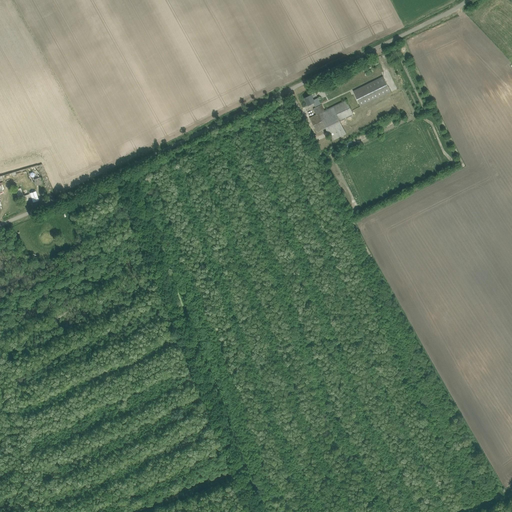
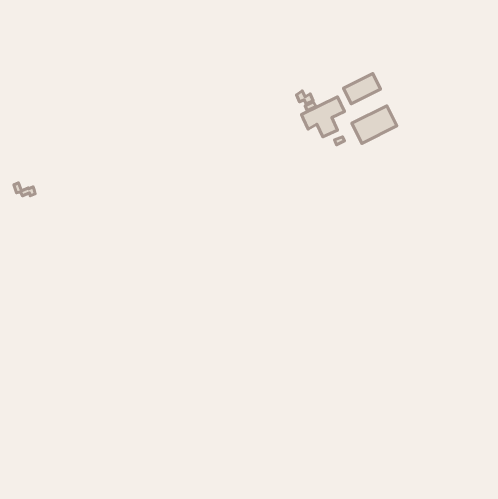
building: none -> [352,106,397,143]

